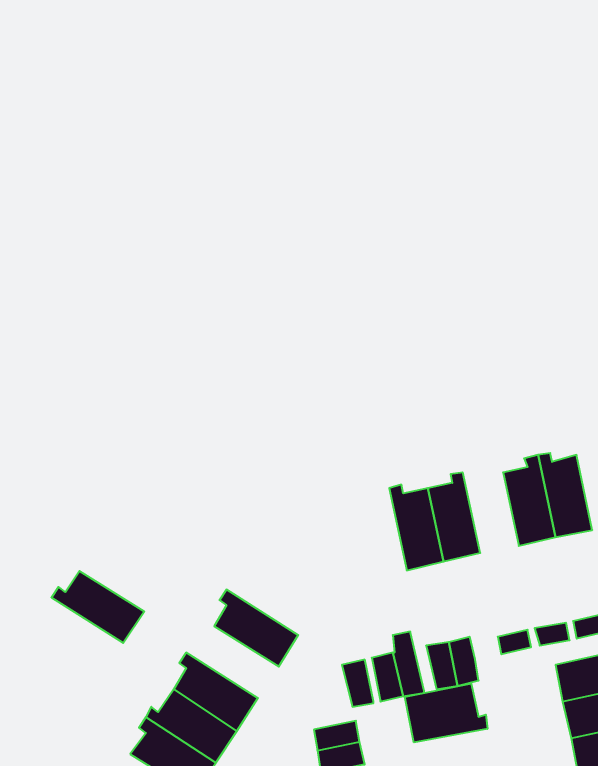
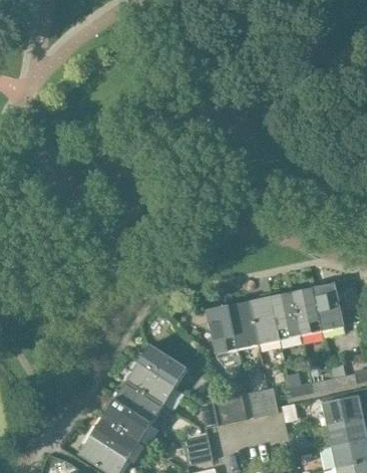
building: none -> [269,291,301,339]
building: none -> [206,302,237,353]
building: none -> [133,344,187,387]
building: [51,571,144,643] -> [110,382,163,423]
building: [405,683,487,742] -> none

